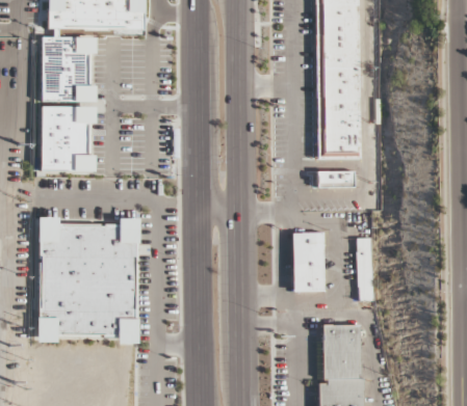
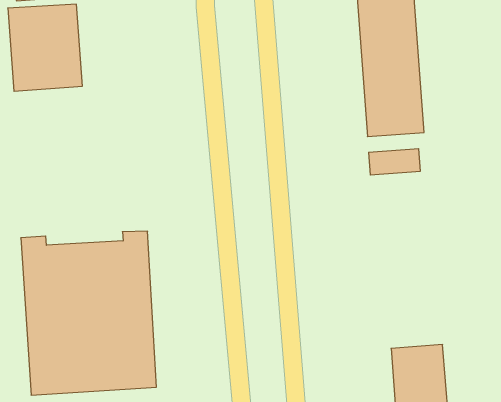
building: [41,105,95,171] -> none
building: [292,231,323,291] -> none
building: [358,237,374,300] -> none

